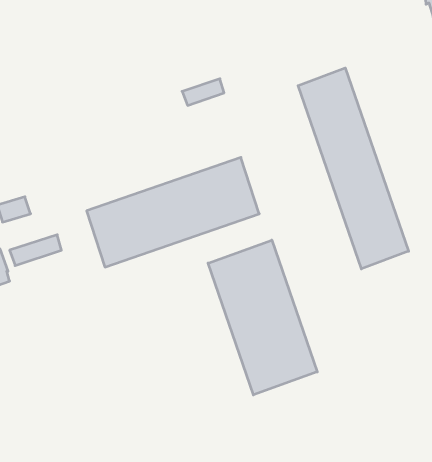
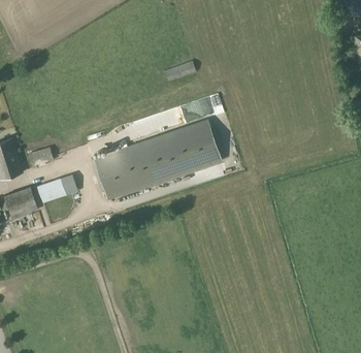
building: [298,68,409,269] -> none
building: [208,240,317,395] -> none

